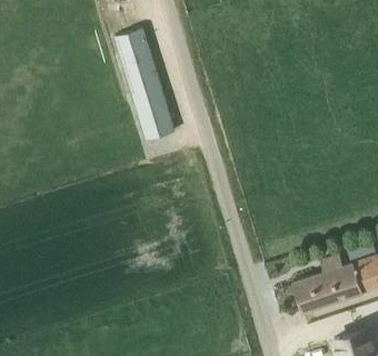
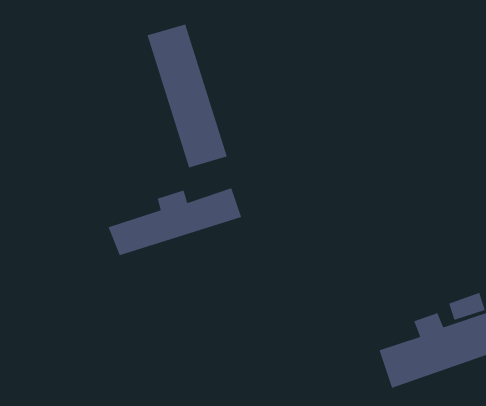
building: none -> [108,187,242,256]

